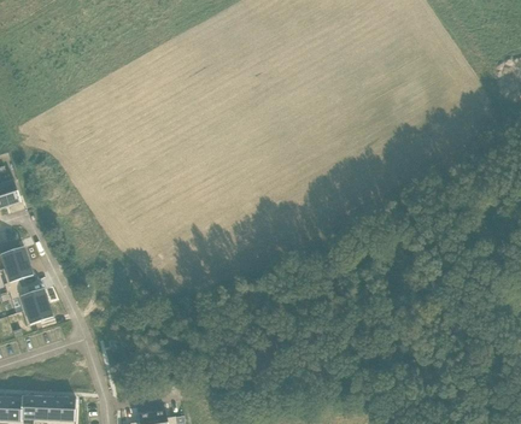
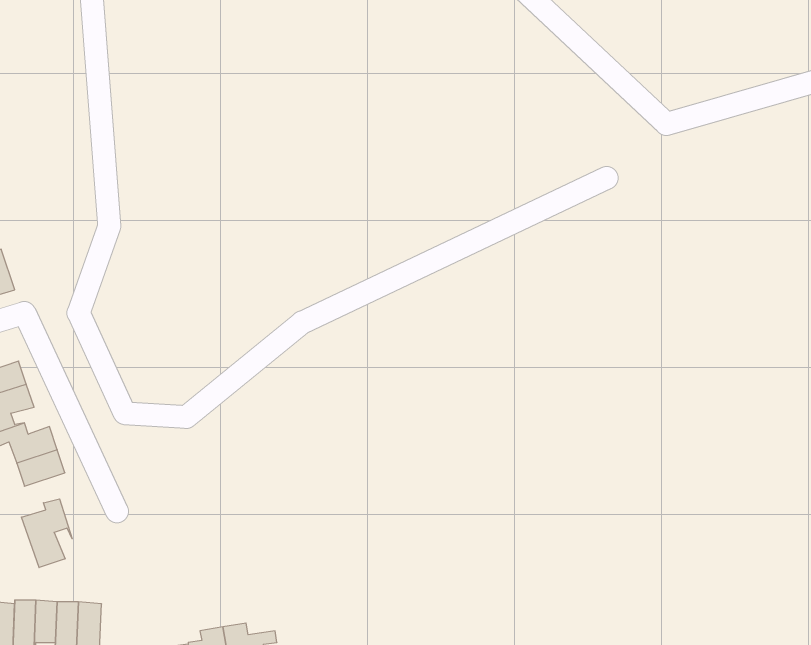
building: none -> [21,499,72,568]

